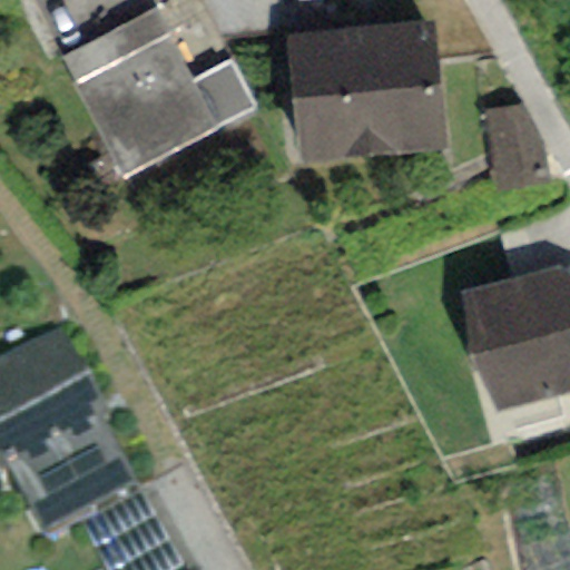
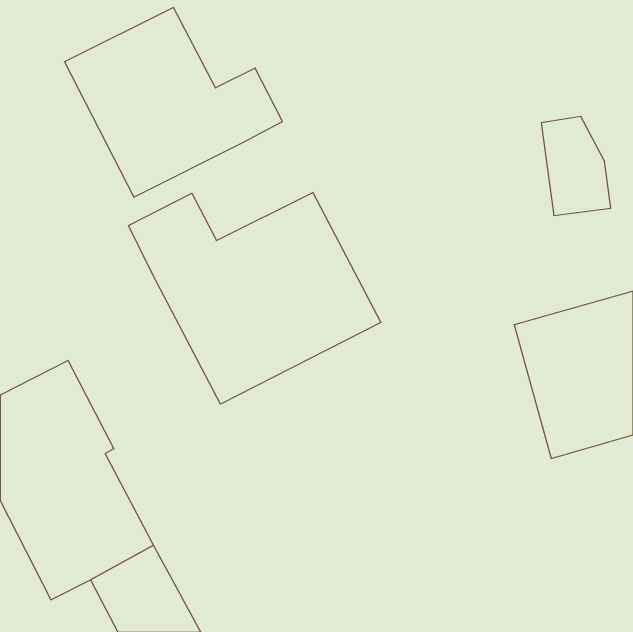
building: [284,21,446,163] -> none
building: none -> [129,192,381,404]

